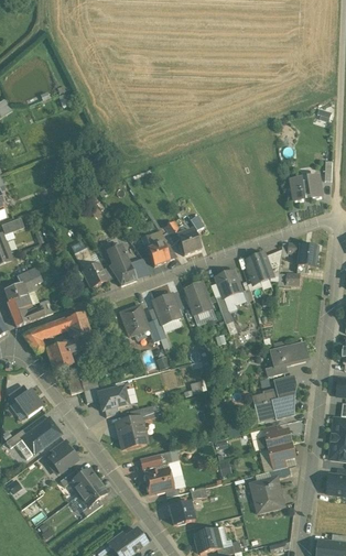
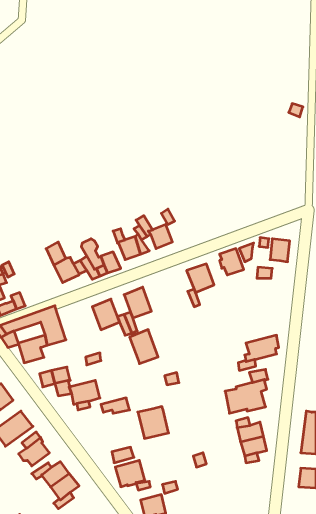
building: [291,175,323,200] -> none
building: [184,280,213,314] -> [130,330,158,364]
building: [116,415,147,447] -> [138,407,169,438]
building: [250,475,285,512] -> none

